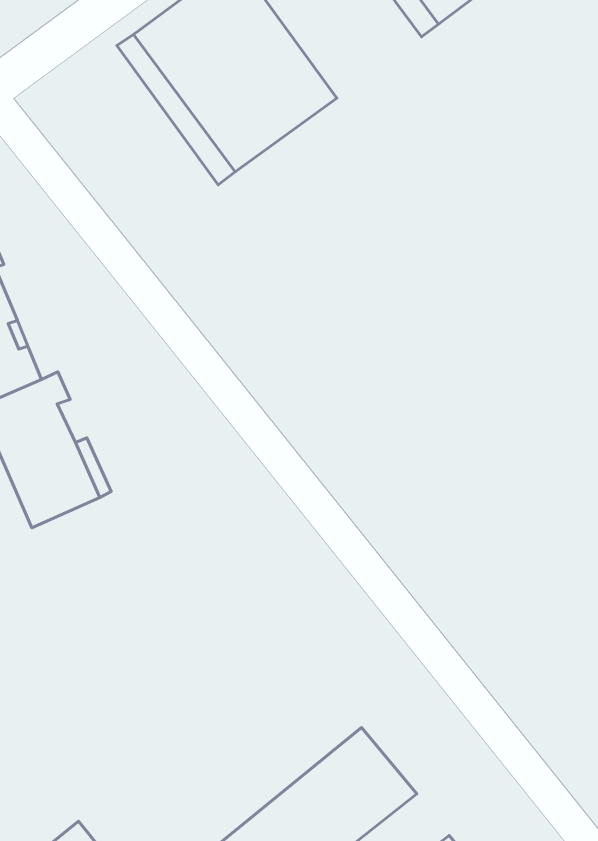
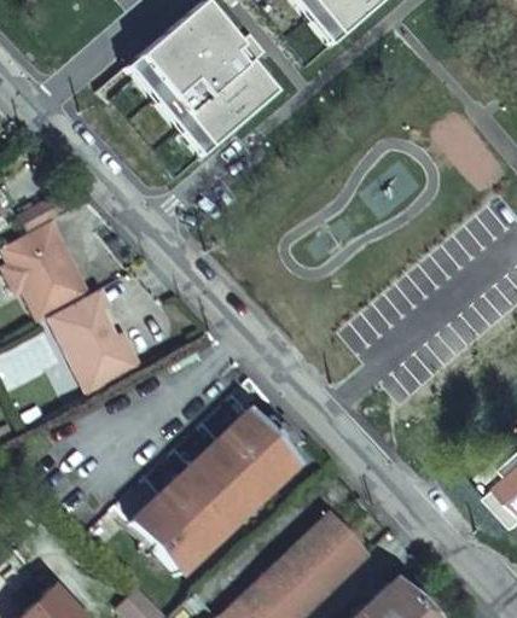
building: none -> [132,412,309,575]

